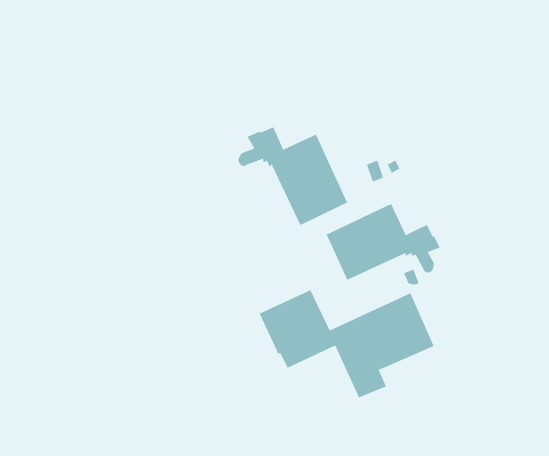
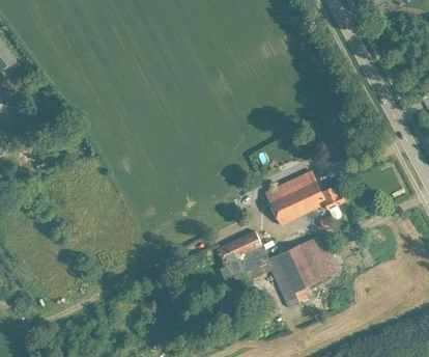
building: [238,126,348,226] -> none

